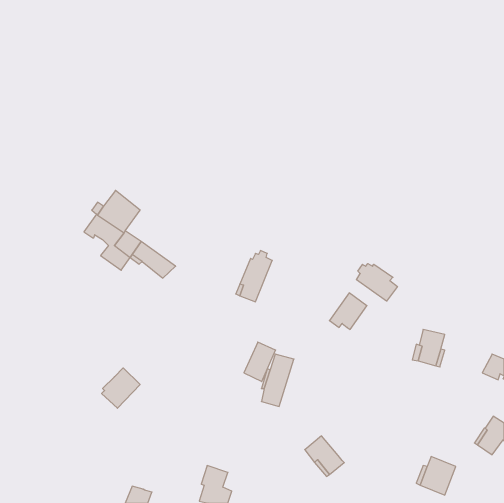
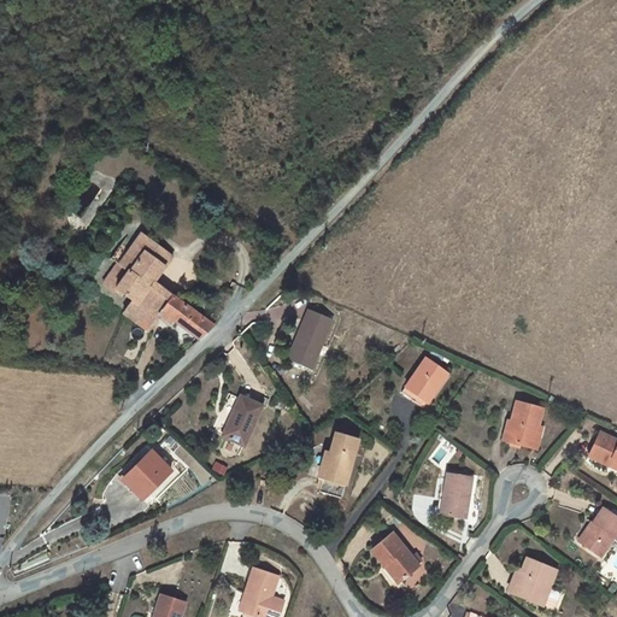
building: [356,264,397,301] -> none
building: [244,342,276,382] -> [224,396,263,445]
building: none -> [441,474,474,518]

